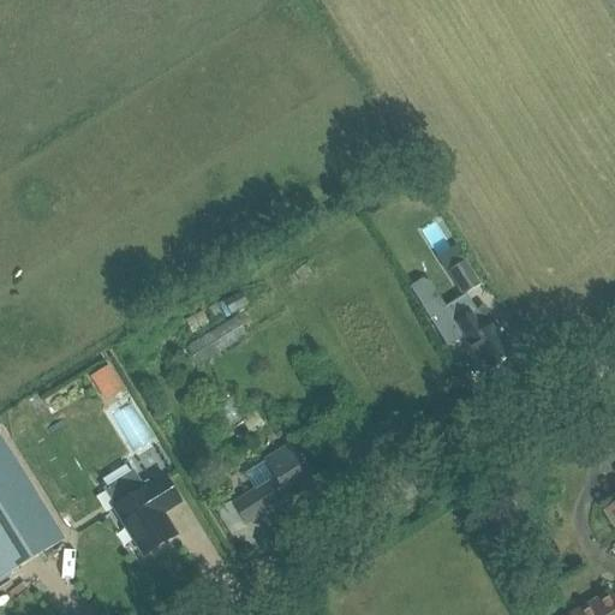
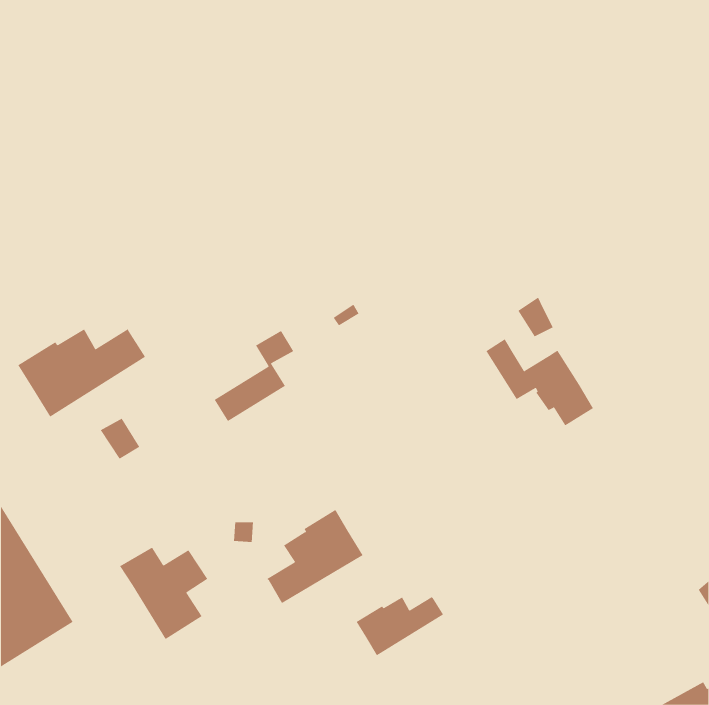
building: none -> [17,328,146,418]
building: none -> [356,596,444,656]

